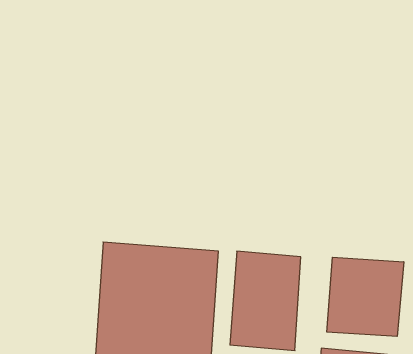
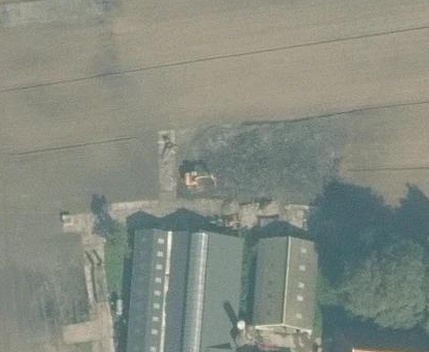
building: [327,257,404,336] -> none

